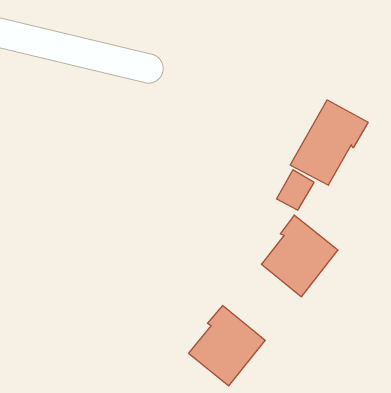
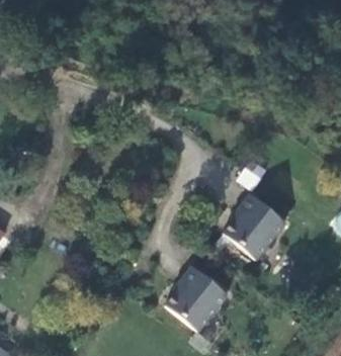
building: [290,100,368,185] -> none

